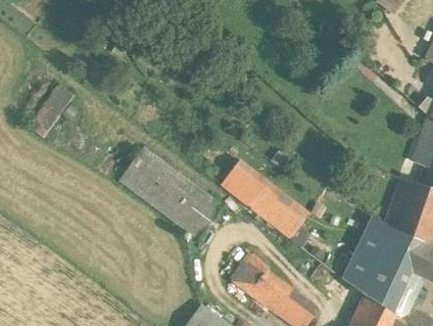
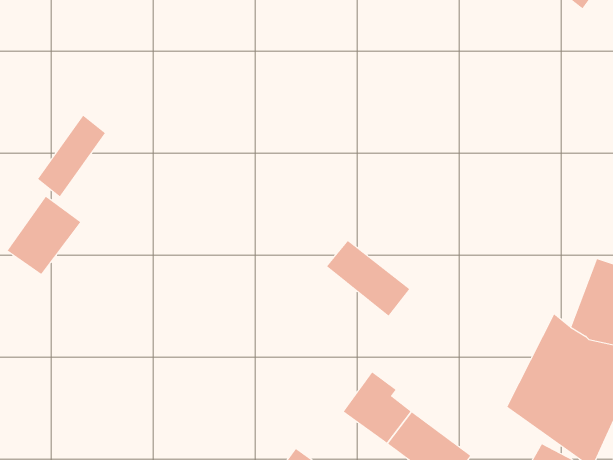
building: none -> [7,196,81,275]
building: [118,146,223,239] -> none
building: [235,160,307,239] -> none

